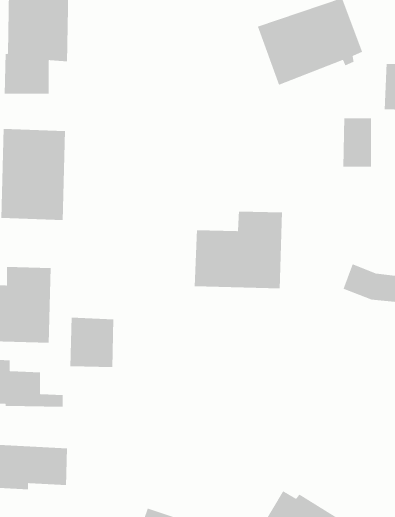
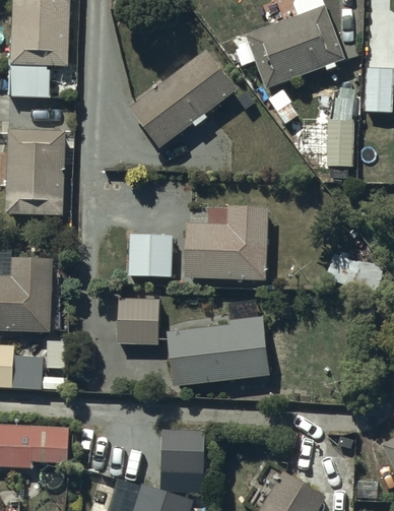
building: none -> [129,51,237,147]
building: none -> [128,235,174,277]
building: [70,317,114,368] -> [118,298,159,345]
building: none -> [167,317,270,387]
building: none -> [160,432,204,473]

